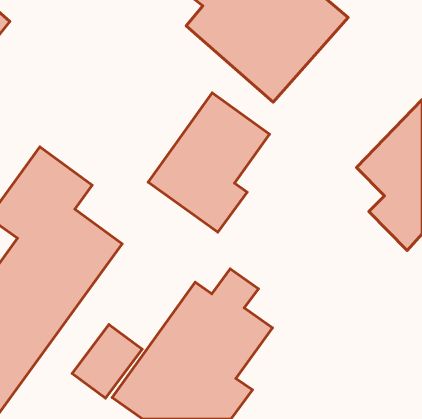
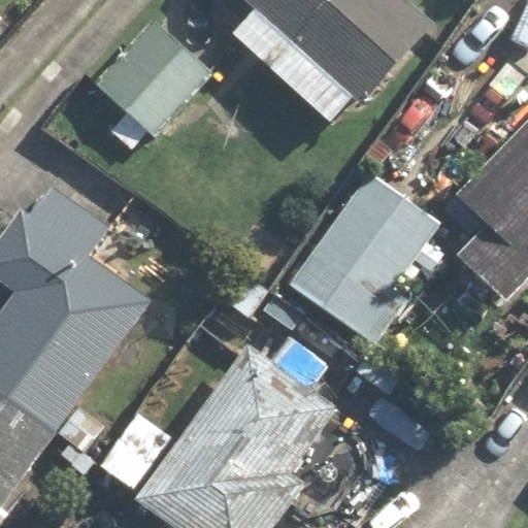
building: none -> [93,15,213,145]
building: [148,93,269,232] -> [287,172,437,345]

